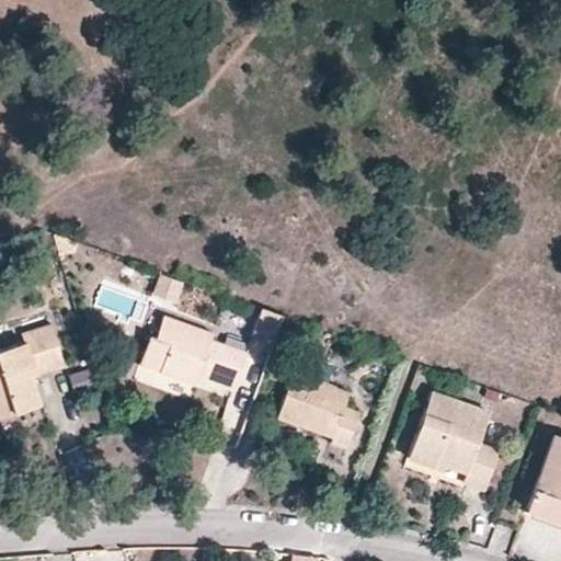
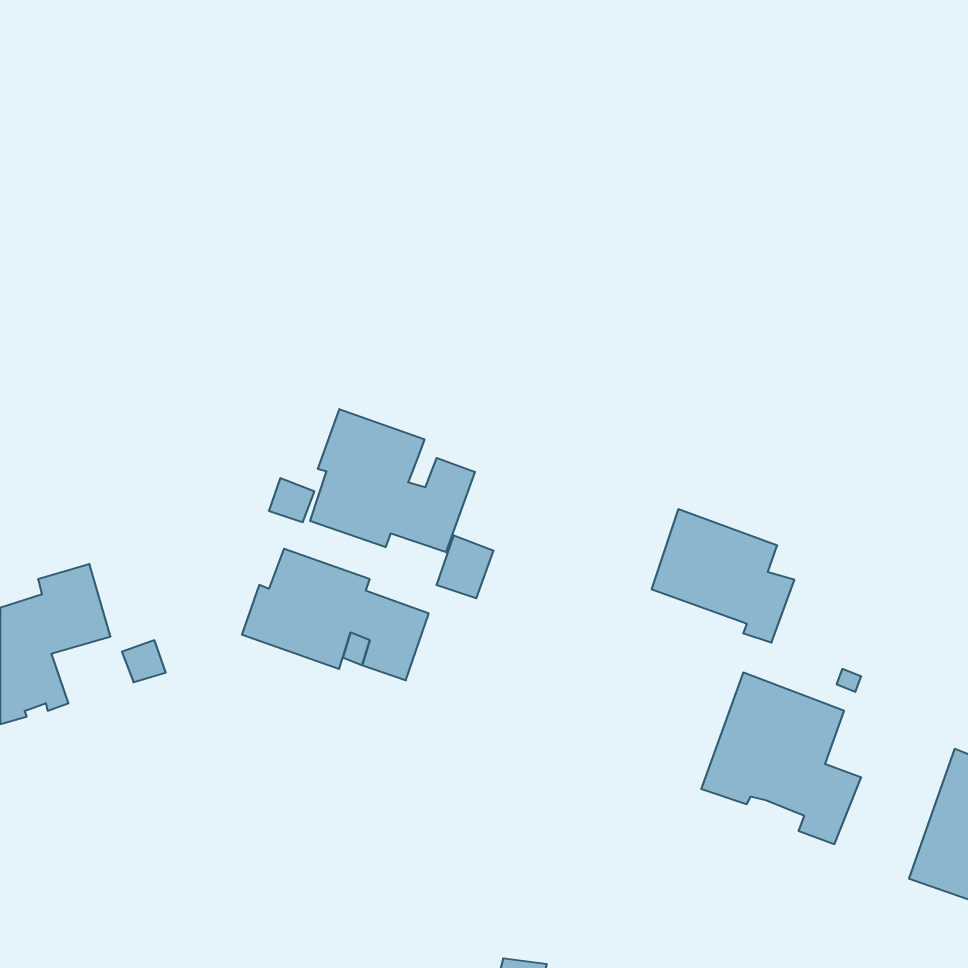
building: none -> [310,409,475,552]
building: [280,375,363,451] -> [652,509,794,643]

